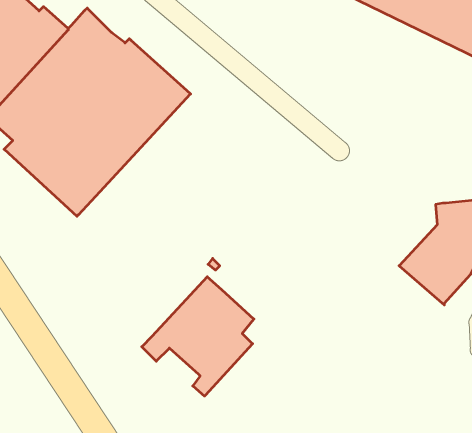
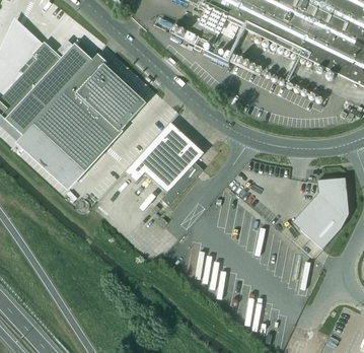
building: [142,277,254,396] -> [126,122,204,205]

